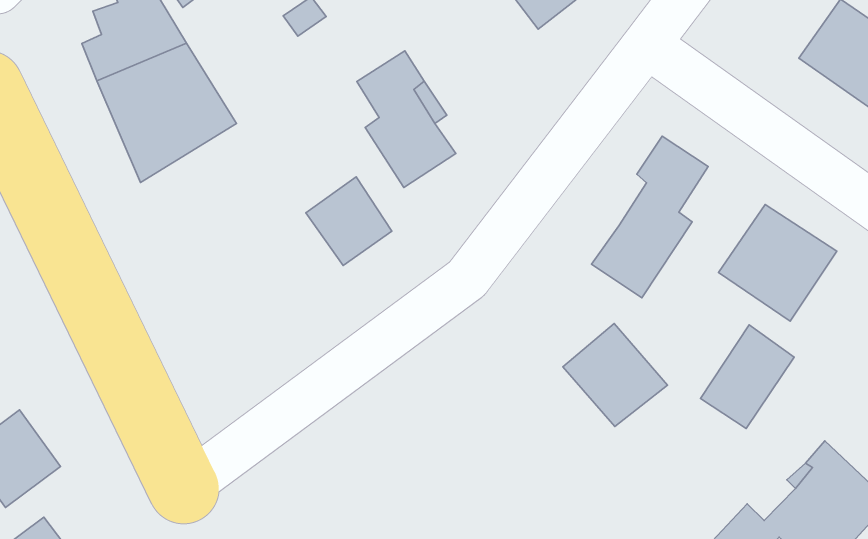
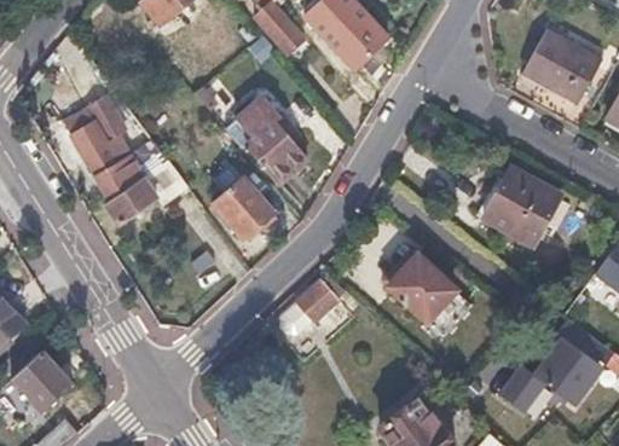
building: none -> [99,152,187,226]
building: [592,136,708,298] -> none
building: [700,325,794,429] -> none
building: none -> [280,282,339,340]

